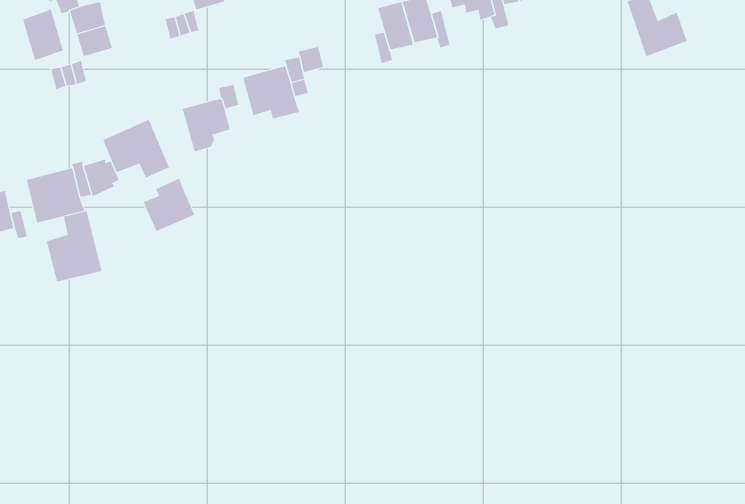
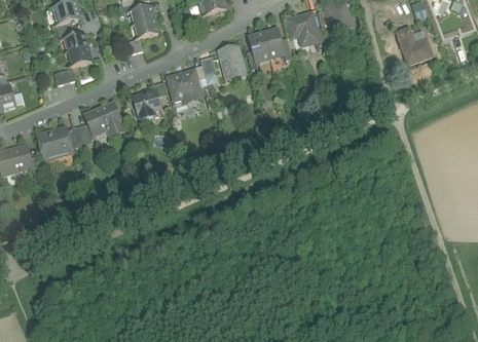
building: [23,9,64,61] -> none
building: none -> [219,45,244,76]
building: [143,178,195,232] -> none
building: [46,210,102,282] -> none

